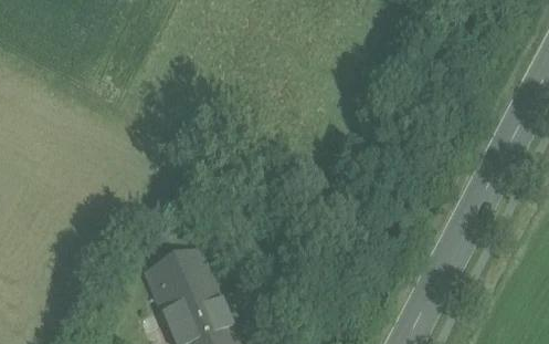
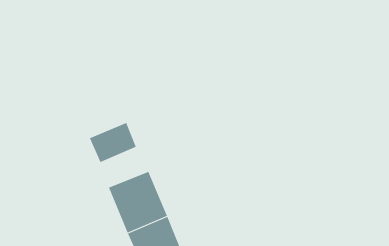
building: none -> [89,122,137,163]

